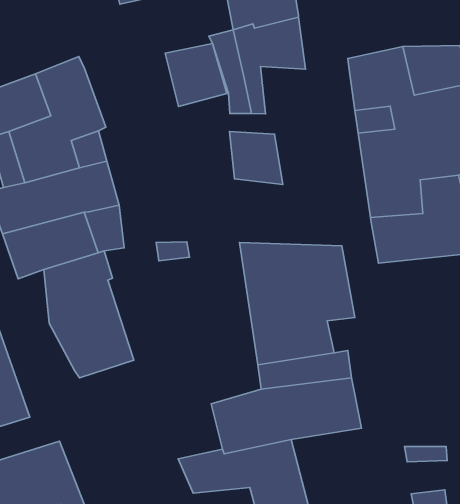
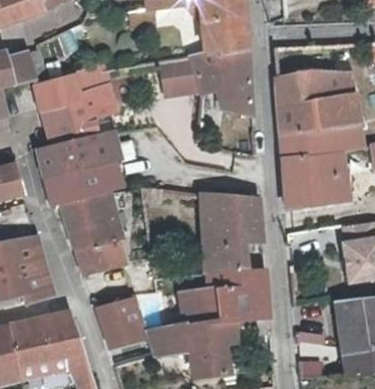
building: [229,131,283,185] -> [220,77,252,115]
building: none -> [94,294,146,345]

